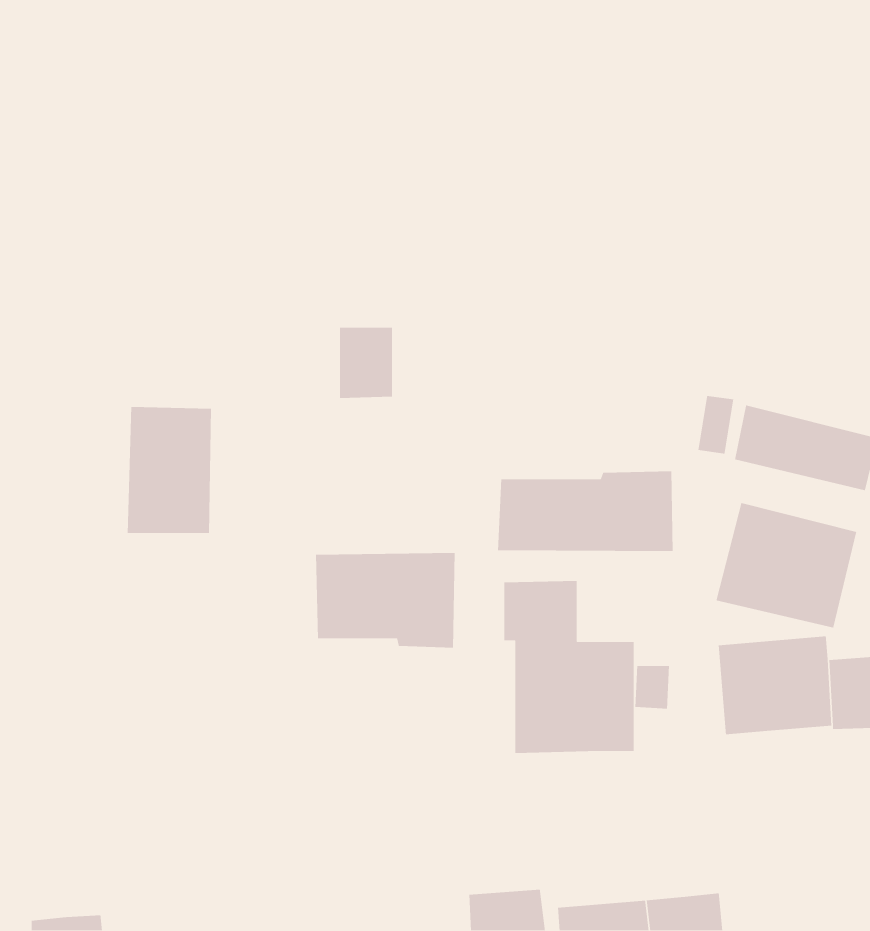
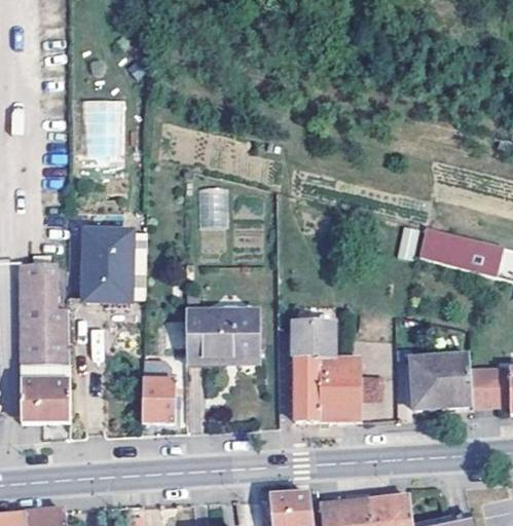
building: none -> [21,261,71,420]
building: [497,470,673,552] -> none
building: [715,502,857,629] -> none
building: none -> [143,379,180,421]

